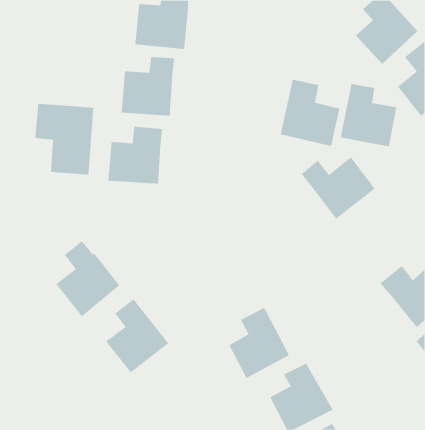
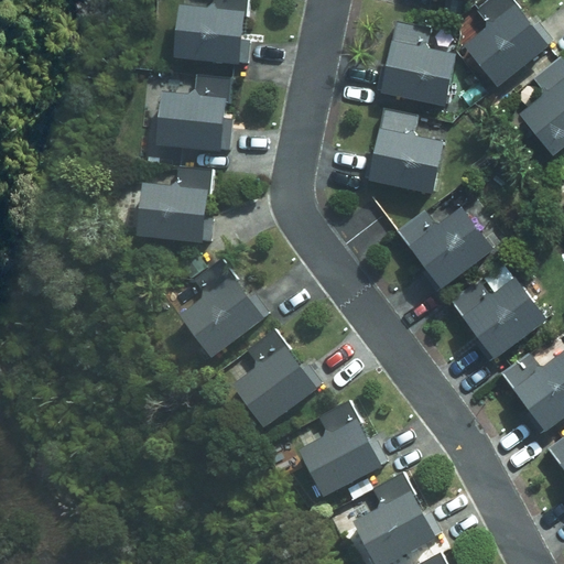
building: [340,84,397,147] -> [381,21,456,104]
building: [35,103,94,176] -> none
building: none -> [447,275,546,358]
building: [55,241,120,317] -> [183,260,268,360]
building: [105,298,169,373] -> [236,330,319,429]

